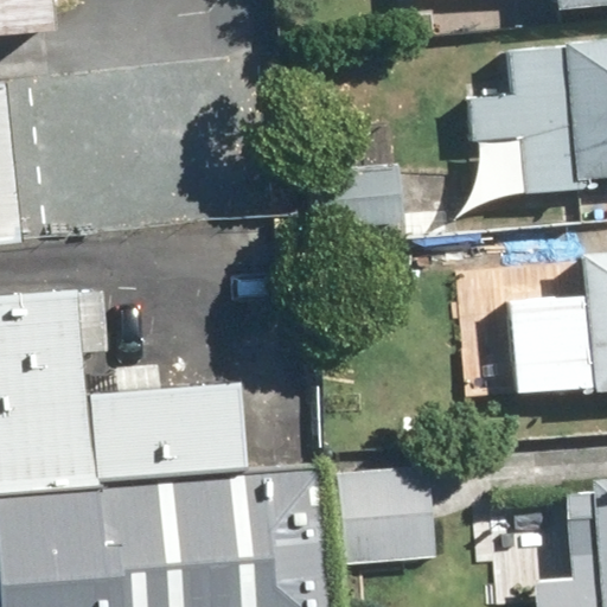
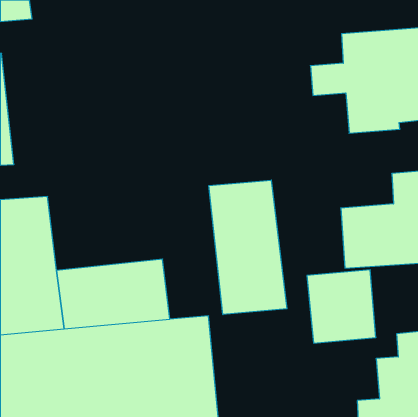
building: none -> [209,180,287,315]
building: [322,465,422,570] -> [307,270,376,343]

